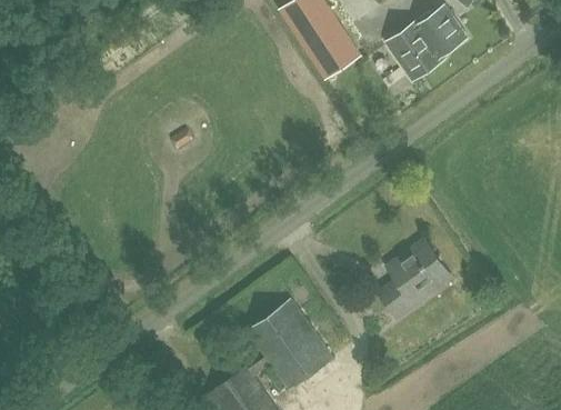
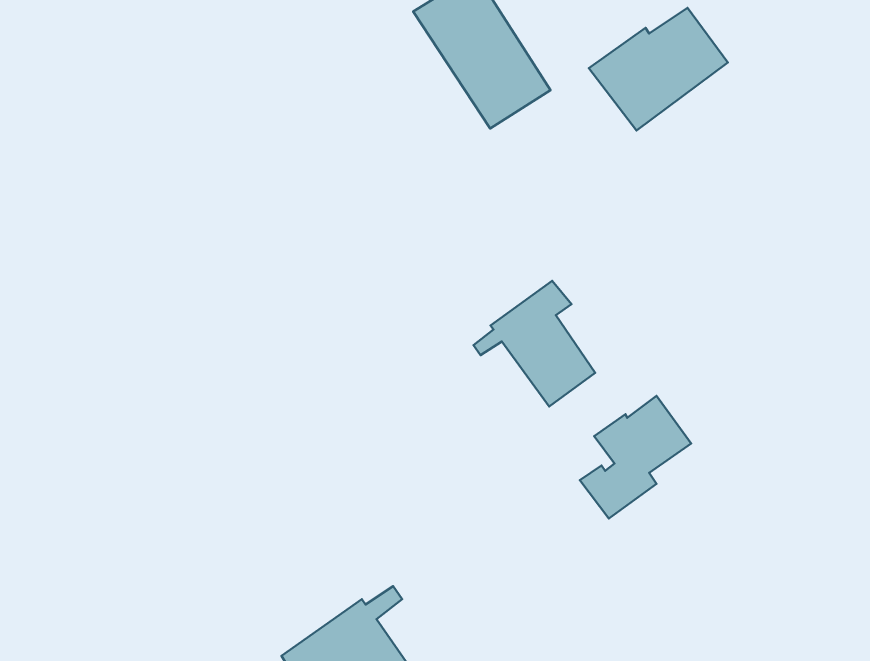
building: none -> [473,281,595,406]
building: [247,299,333,390] -> none

